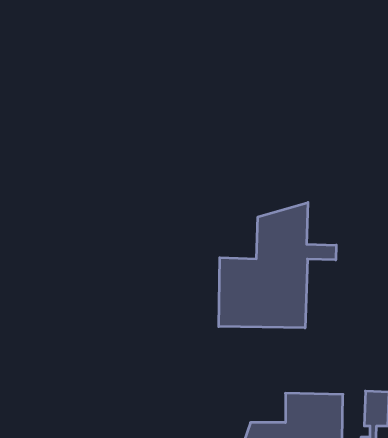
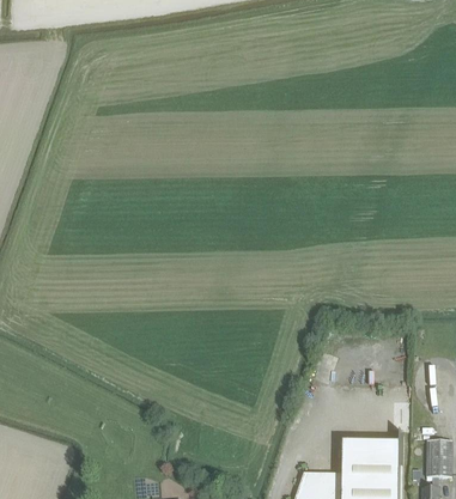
building: [219,202,336,328] -> none

